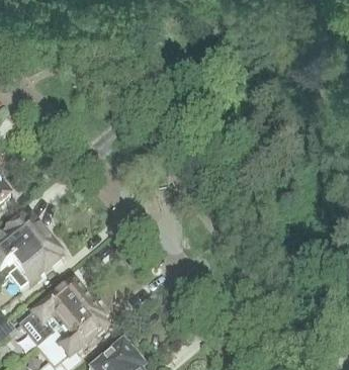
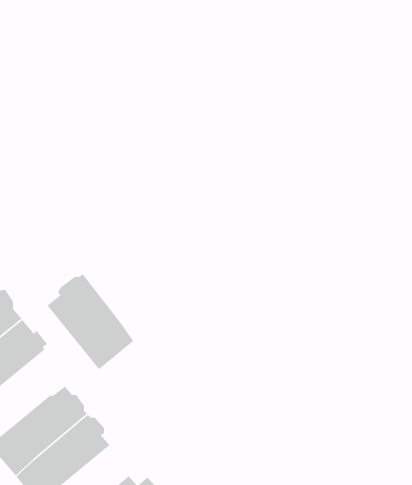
building: none -> [47,273,134,370]

